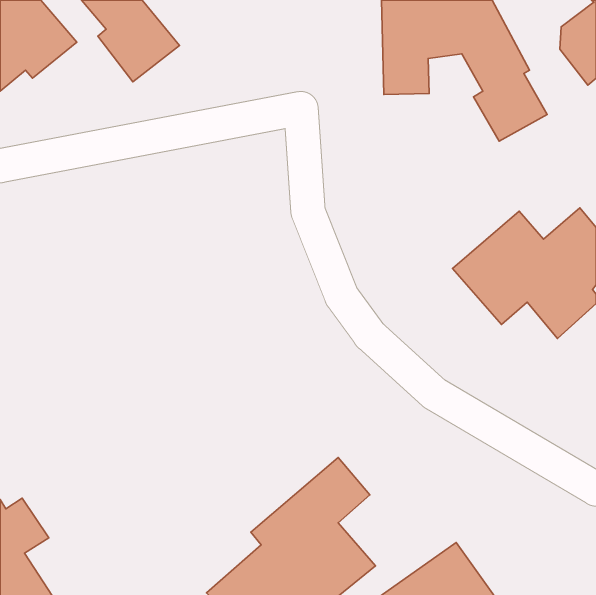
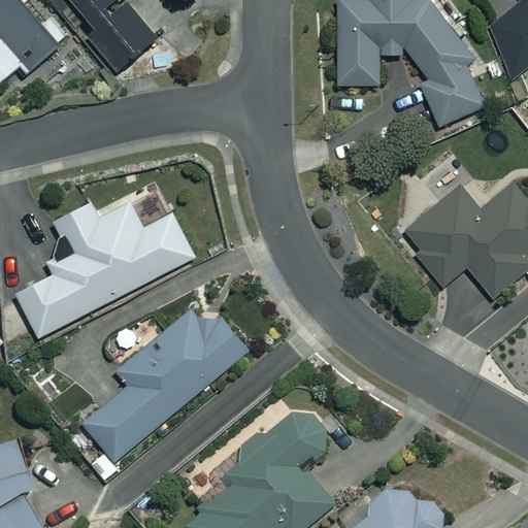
building: none -> [14,197,194,337]
building: none -> [84,311,249,482]

